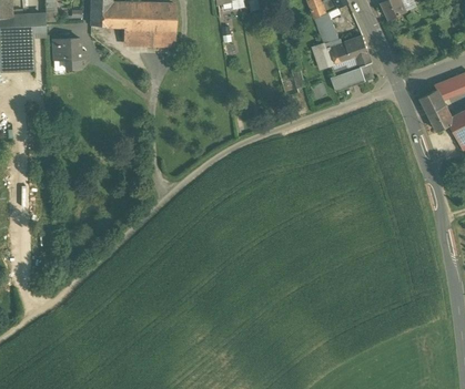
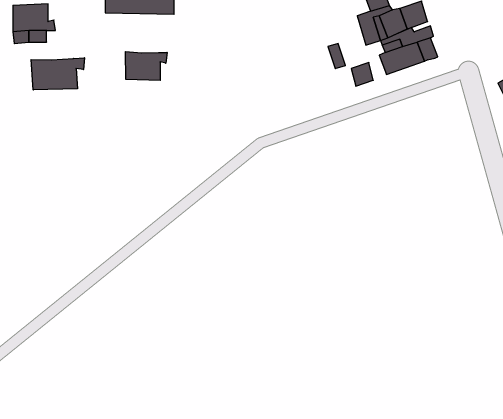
building: none -> [126,52,167,80]
building: none -> [31,58,84,90]

